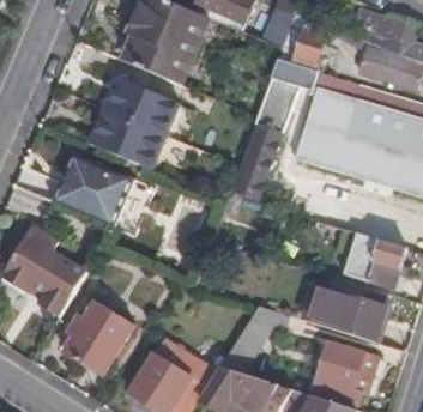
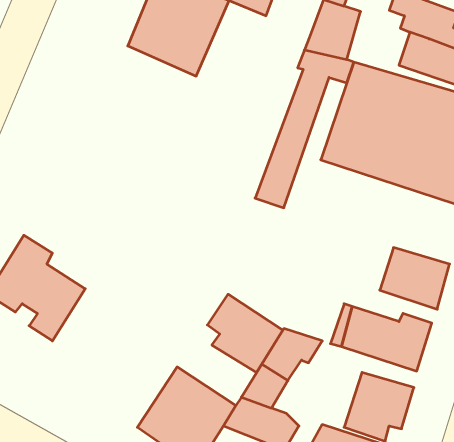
building: [90,78,173,166] -> none
building: [53,153,132,225] -> none
building: none -> [207,294,283,373]
building: [61,298,133,376] -> none

